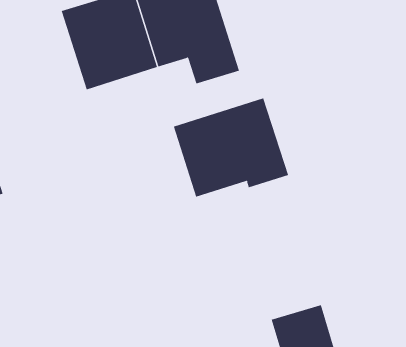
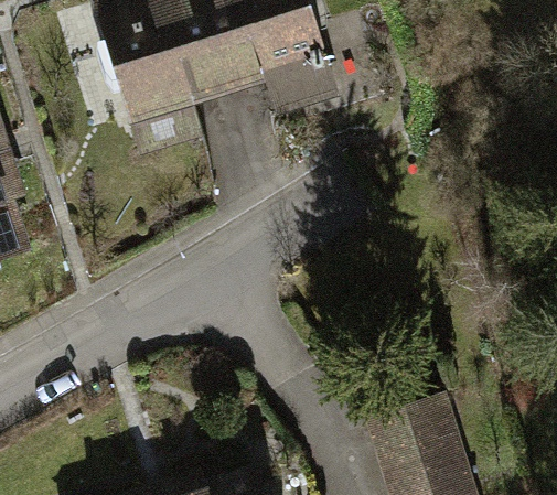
building: [173,97,289,198] -> none

